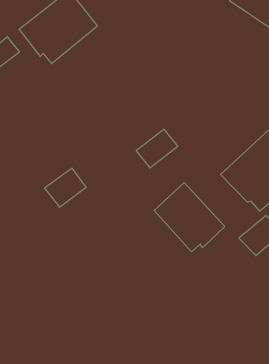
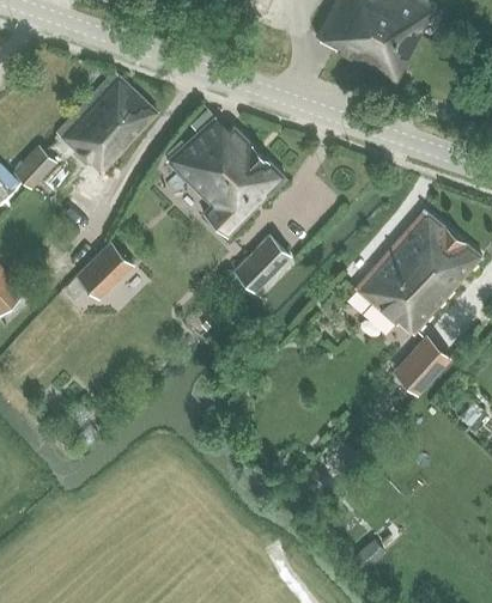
building: none -> [168,120,286,240]
building: [44,168,86,207] -> [78,246,134,302]
building: [154,183,225,252] -> none

